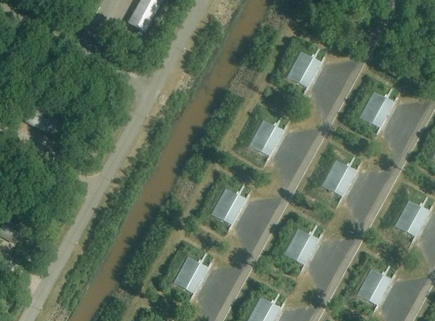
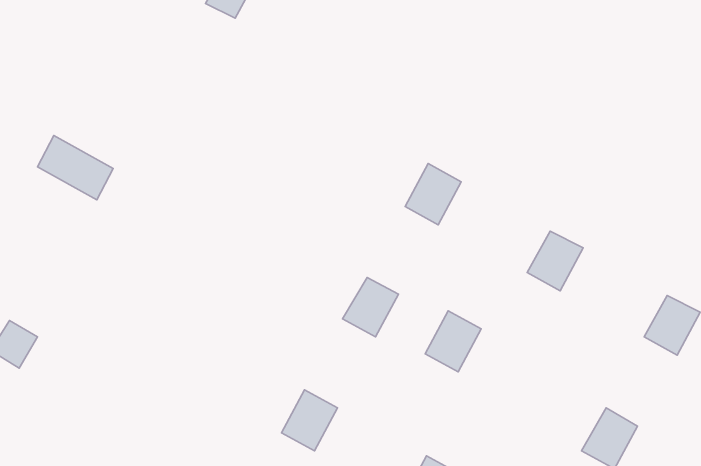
building: [286,50,320,87] -> none
building: [360,91,393,128] -> none
building: [284,228,318,265] -> [425,311,481,372]

